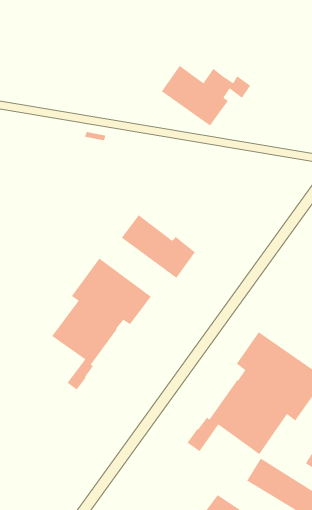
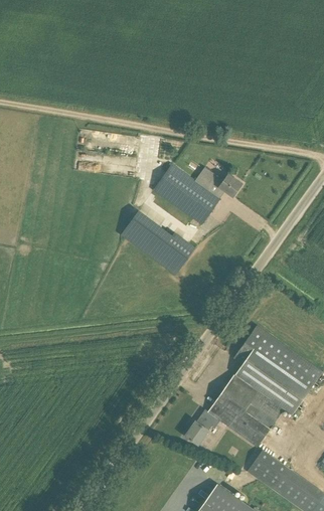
building: [161,65,251,126] -> [154,164,242,224]
building: [51,257,152,391] -> none

